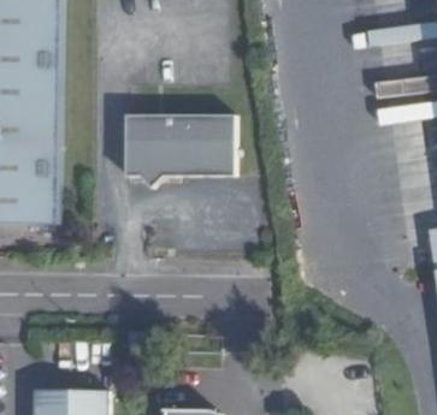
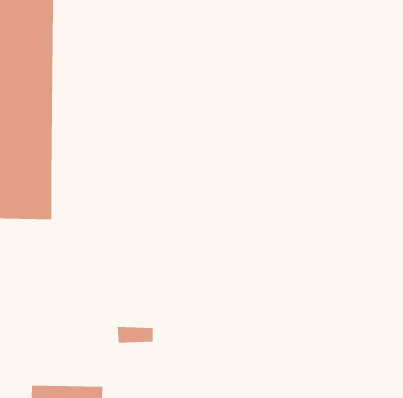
building: [124,119,236,191] -> none

